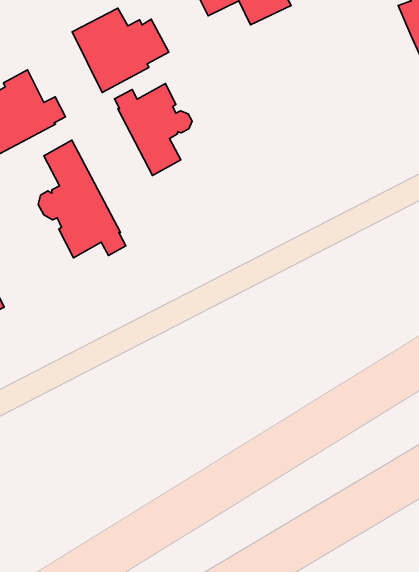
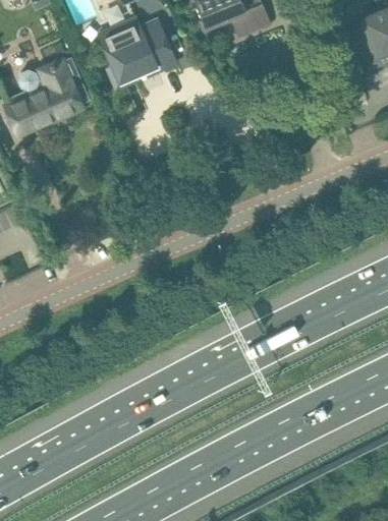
building: [114,84,192,175] -> none
building: [38,140,126,258] -> none

